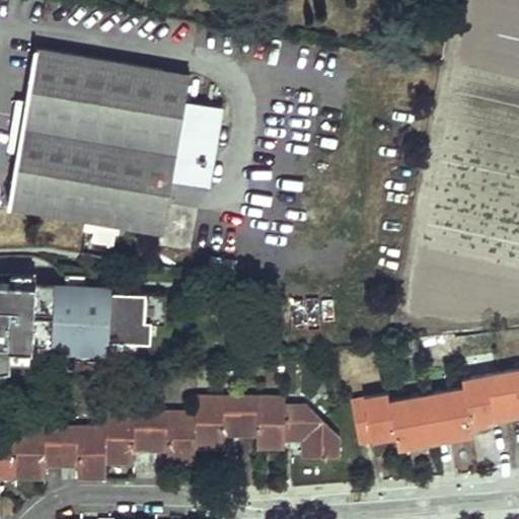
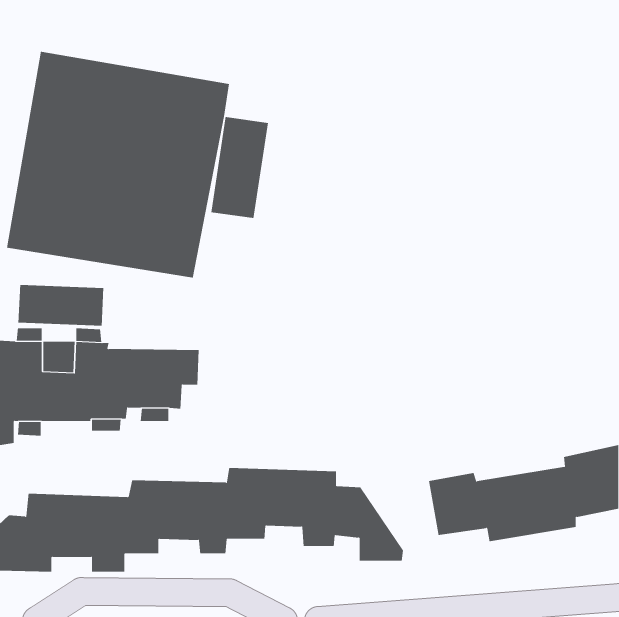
building: none -> [18,284,104,326]

